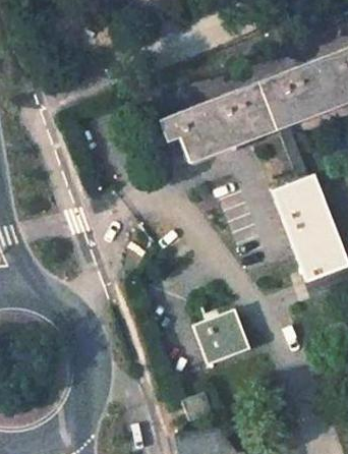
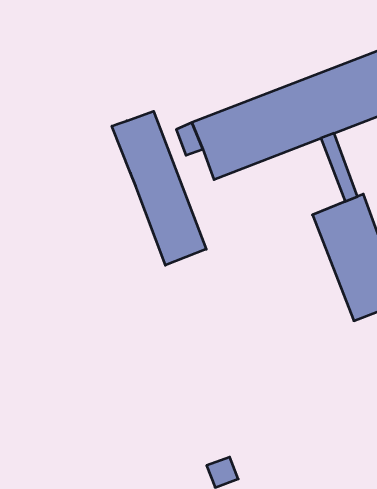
building: none -> [112,111,206,265]
building: [193,309,248,364] -> none

